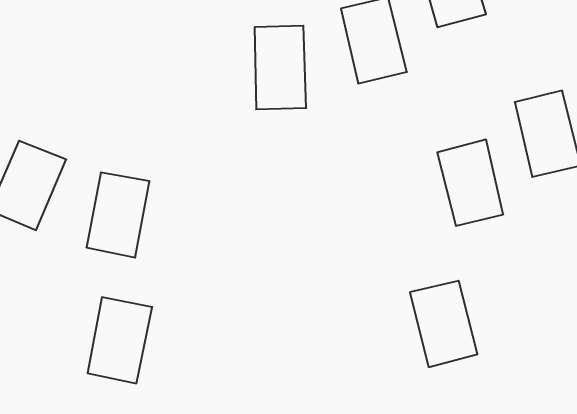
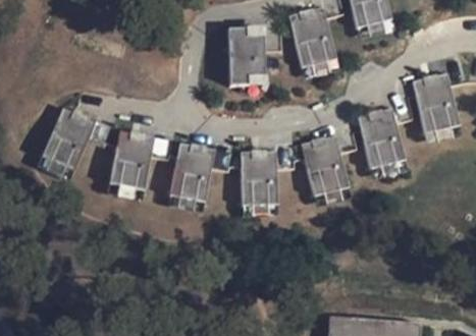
building: none -> [240,153,277,208]
building: [410,281,478,367] -> [301,136,349,198]
building: [88,297,152,383] -> [169,144,215,205]

